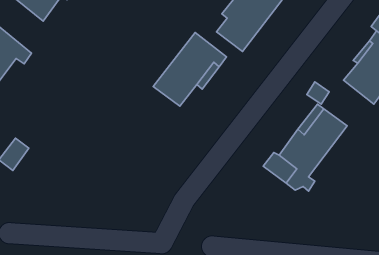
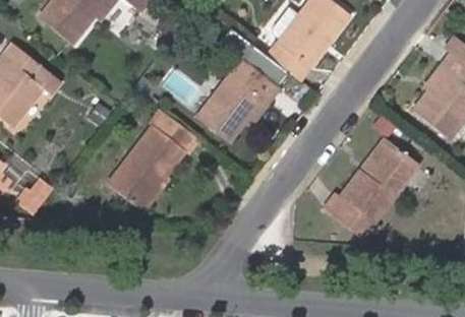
building: none -> [108,109,197,209]

